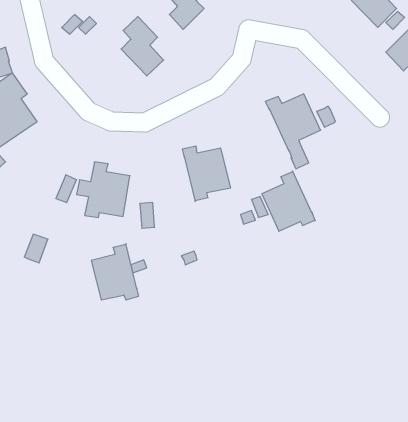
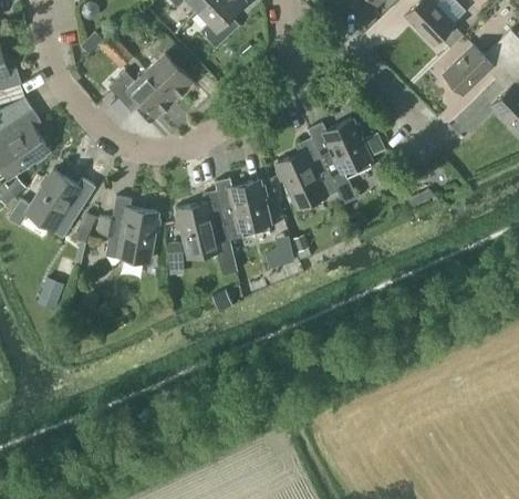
building: none -> [108,71,175,118]
building: none -> [30,171,95,238]
building: [262,171,315,231] -> [278,137,338,205]
building: [91,244,139,300] -> [178,190,231,253]

